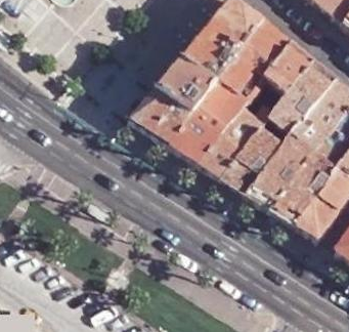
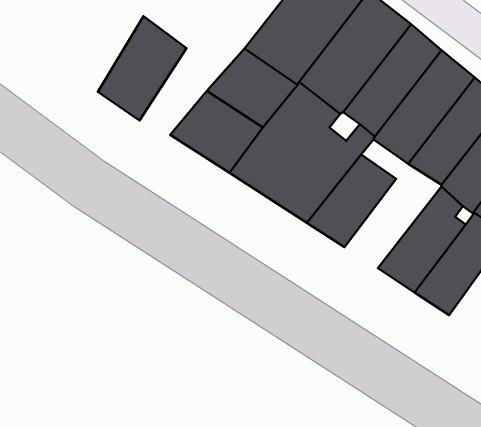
building: none -> [98,16,187,121]
building: [248,136,313,207] -> none

